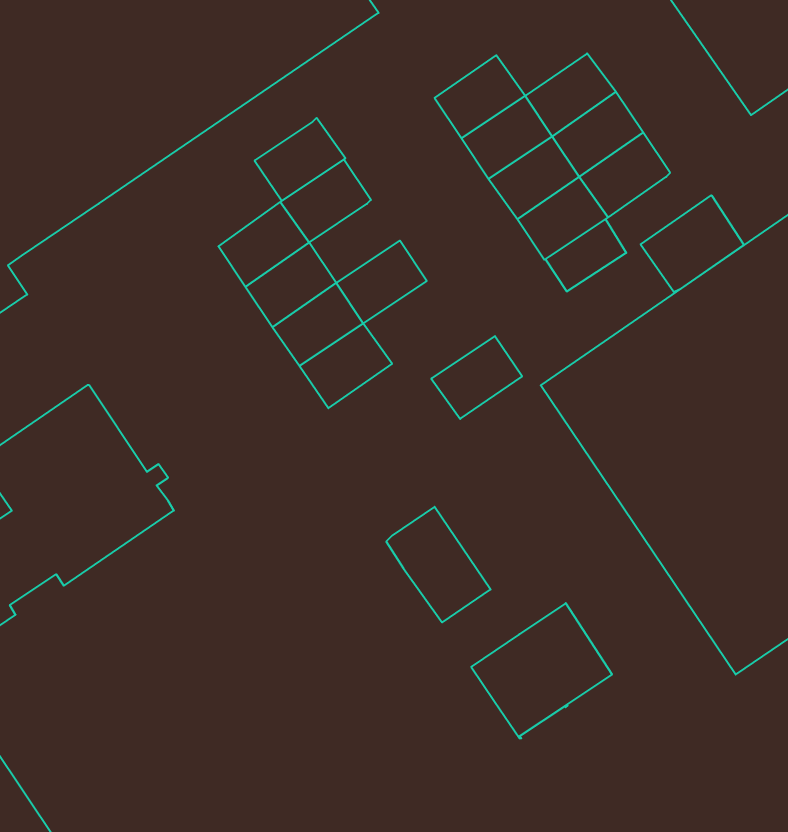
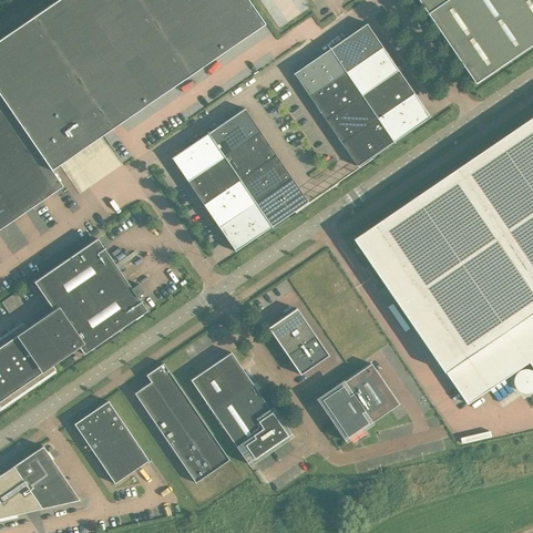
building: none -> [331,24,383,72]
building: [255,118,345,201] -> [224,132,276,180]
building: [641,195,744,292] -> none
building: [545,219,626,292] -> none
building: [431,336,522,419] -> [255,178,307,226]
building: none -> [189,352,291,464]
building: none -> [134,363,229,483]
building: none -> [73,401,147,483]

